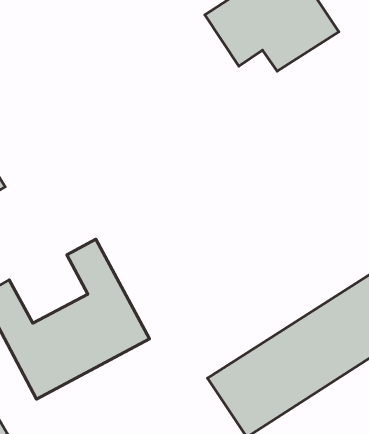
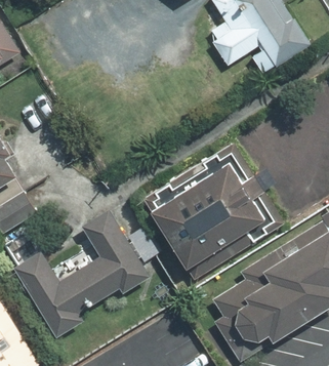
building: none -> [148,163,261,274]

